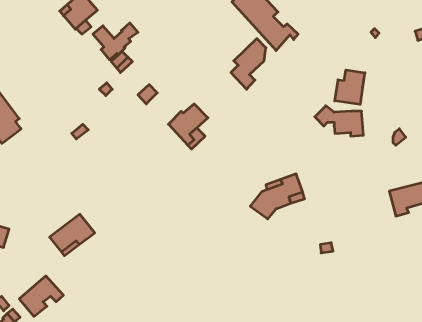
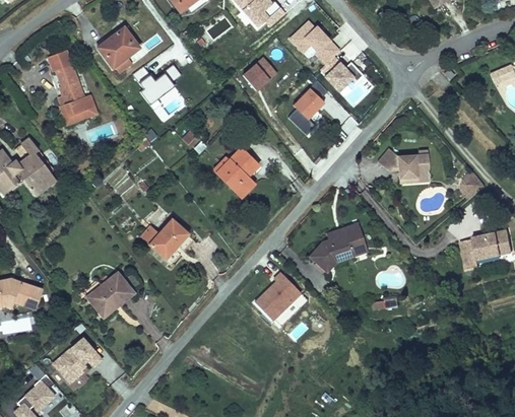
building: none -> [51,50,98,118]
building: none -> [242,56,275,89]
building: [335,70,365,104] -> none
building: none -> [142,217,197,266]
building: none -> [254,271,300,319]

